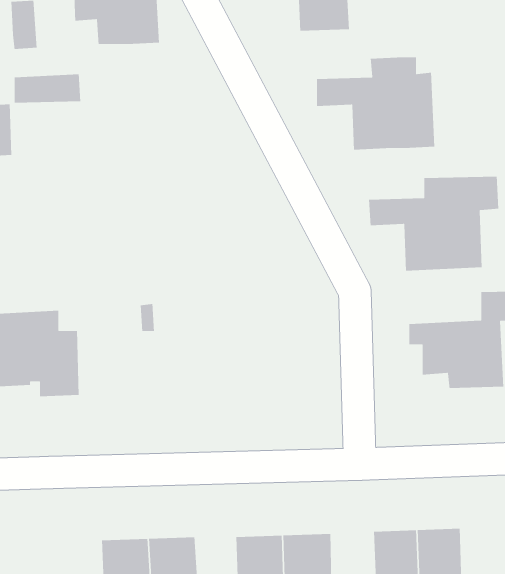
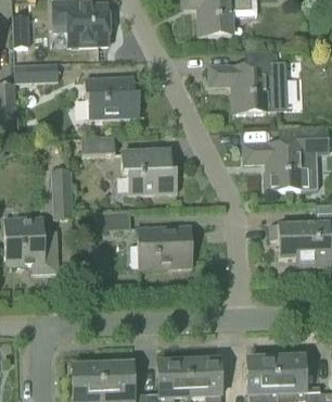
building: none -> [82,76,139,117]
building: none -> [80,133,114,152]
building: none -> [120,150,177,192]
building: none -> [51,169,73,217]
building: none -> [136,225,192,267]

